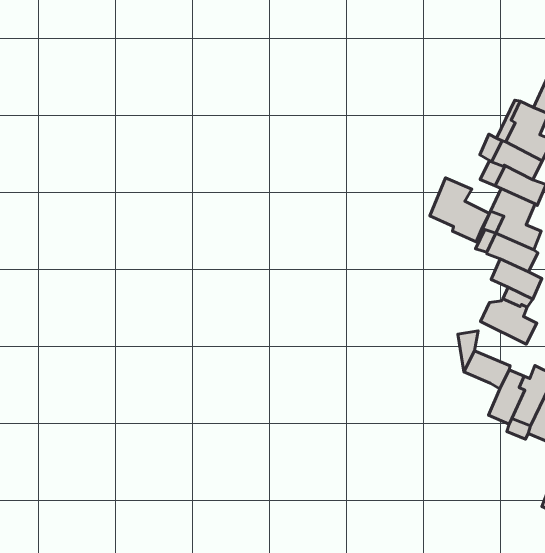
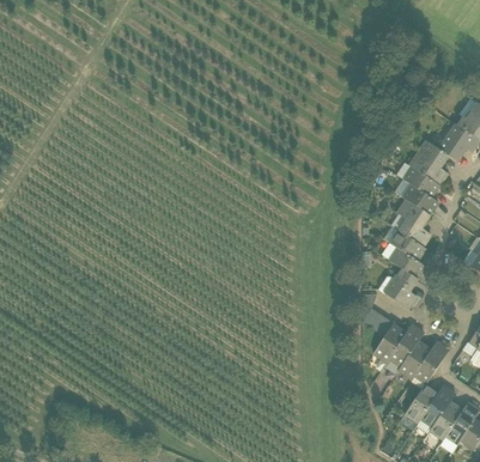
building: [430,178,490,242] -> none

